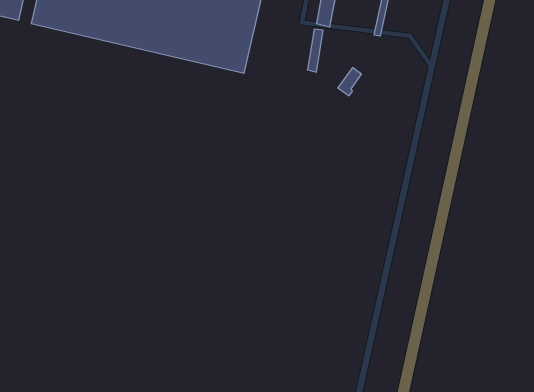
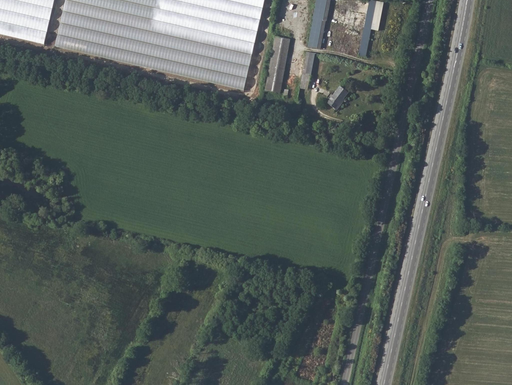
building: none -> [265,36,289,92]

